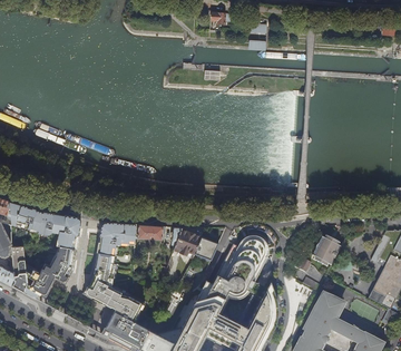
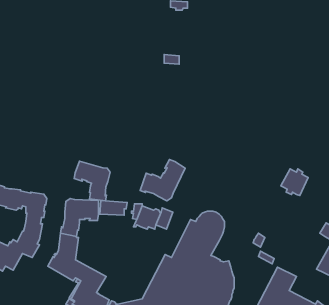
building: none -> [140,160,185,201]
building: none -> [74,161,110,201]
building: [312,236,341,264] -> [281,169,308,195]

